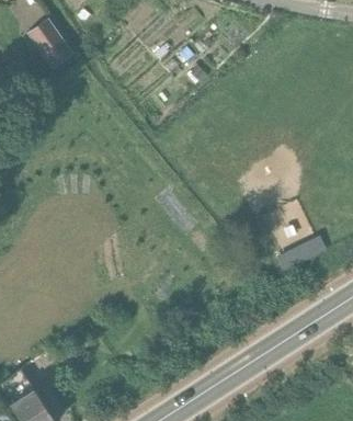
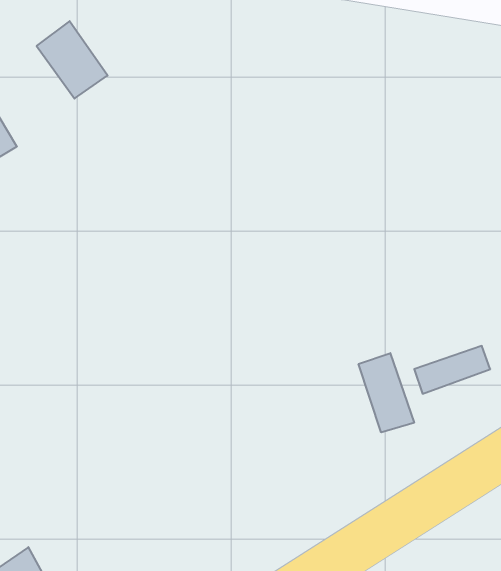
building: none -> [359,353,414,432]

